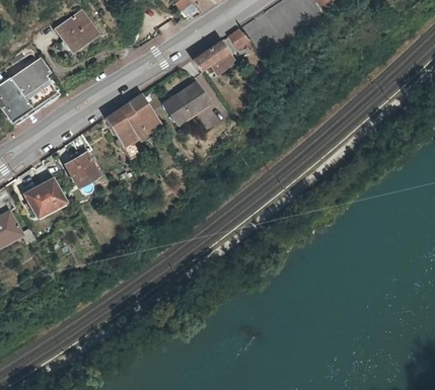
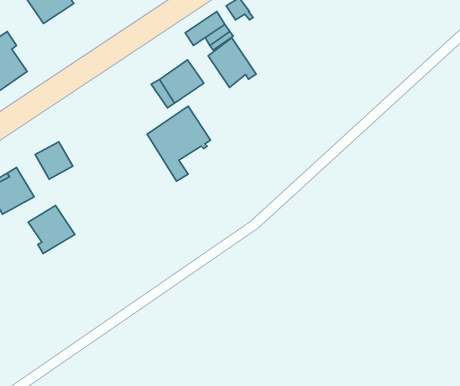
building: none -> [208,38,256,87]
building: [106,94,161,159] -> [147,106,211,181]
building: none -> [28,205,75,254]

